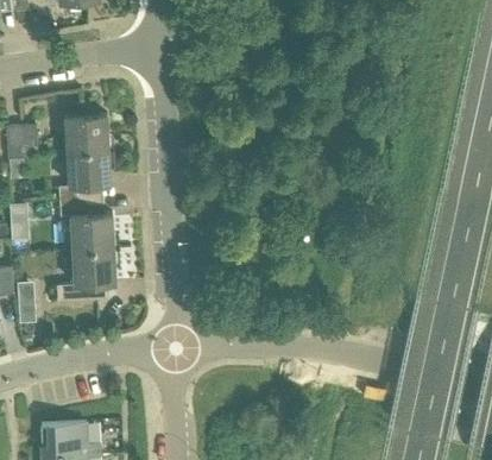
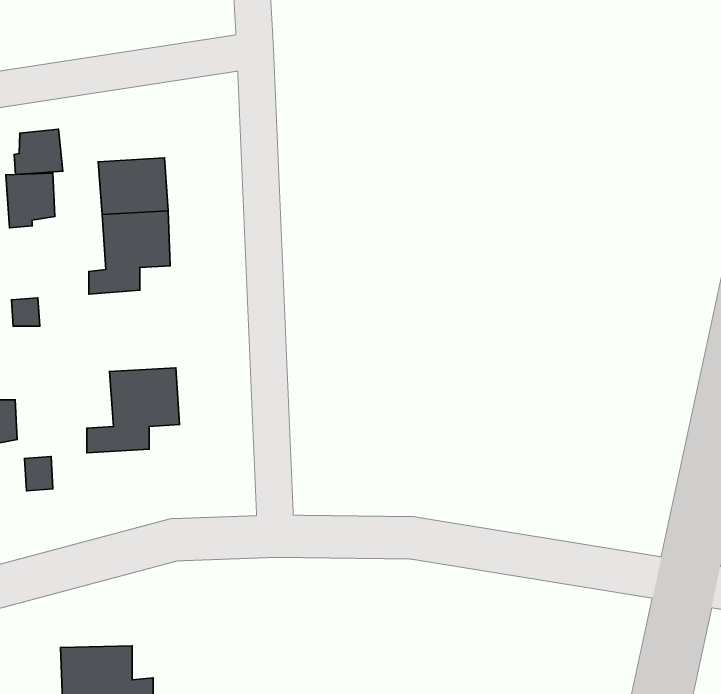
building: none -> [14,129,63,175]
building: [58,199,113,250] -> none

